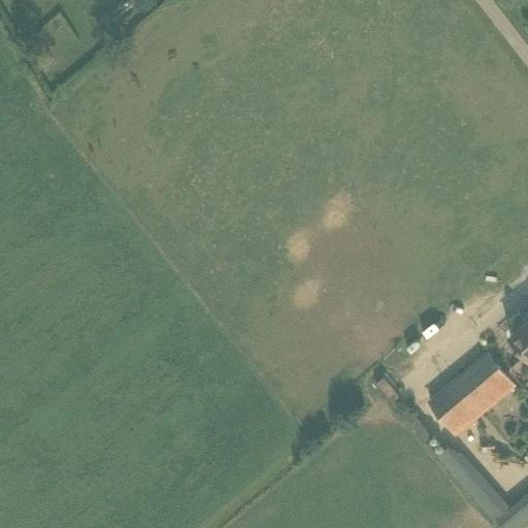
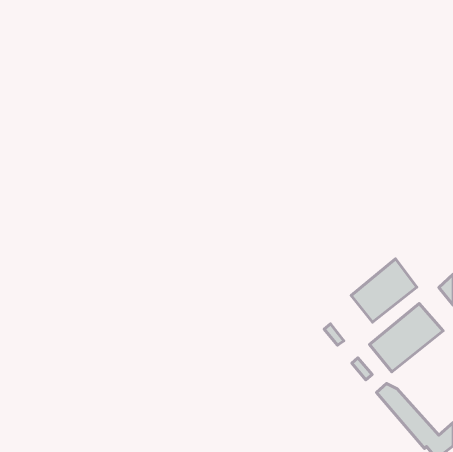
building: none -> [351,259,417,322]

